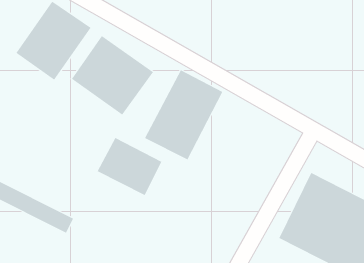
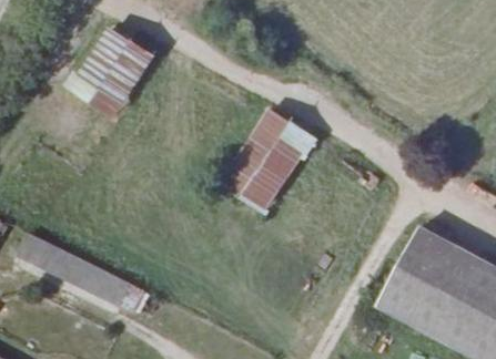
building: [71,35,154,115] -> none
building: [97,137,162,196] -> none

